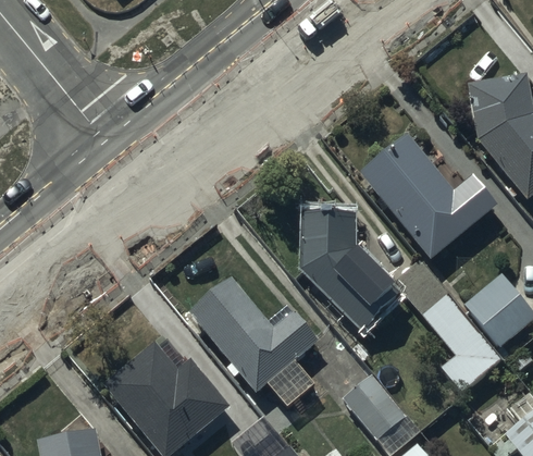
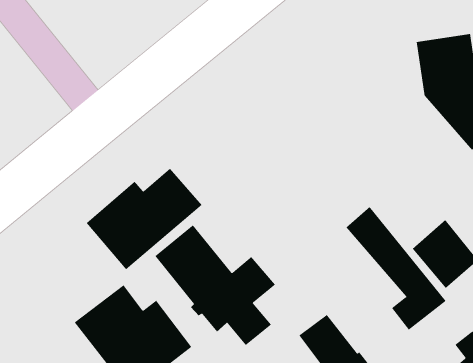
building: [360,132,496,260] -> none
building: [299,210,400,331] -> none
building: none -> [86,168,203,270]

